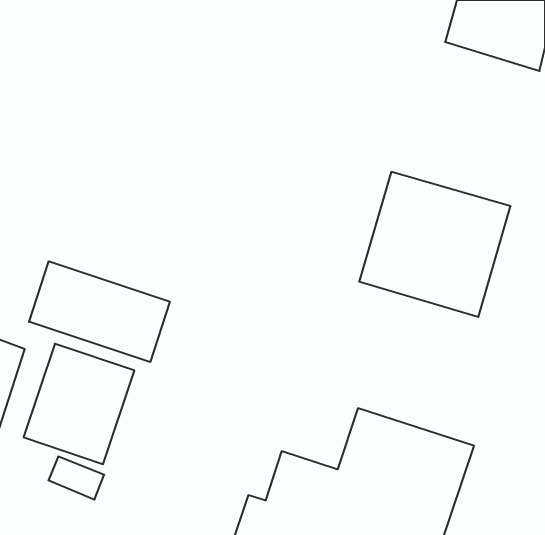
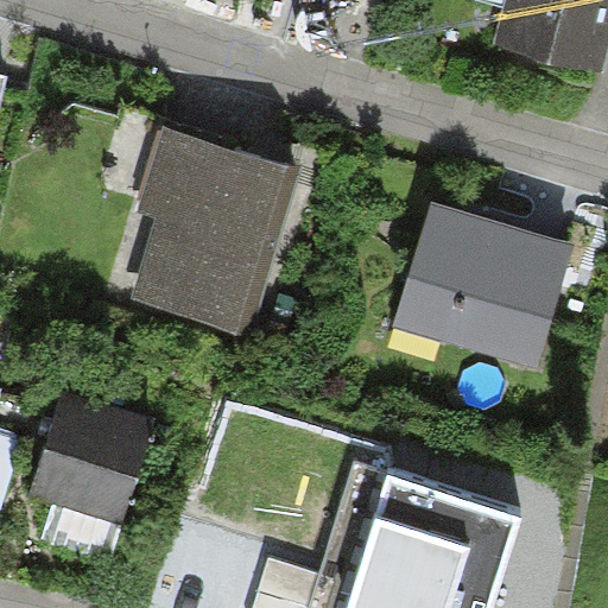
building: none -> [137,128,290,325]
building: [29,261,170,362] -> none

